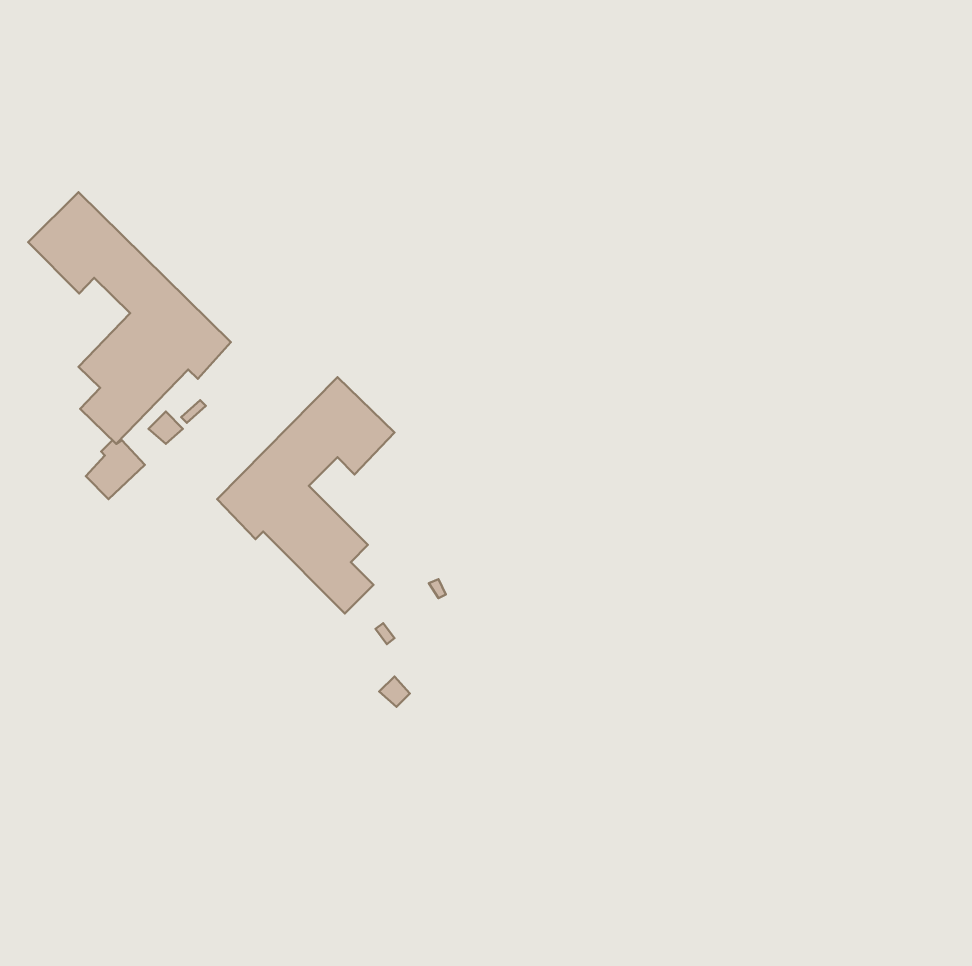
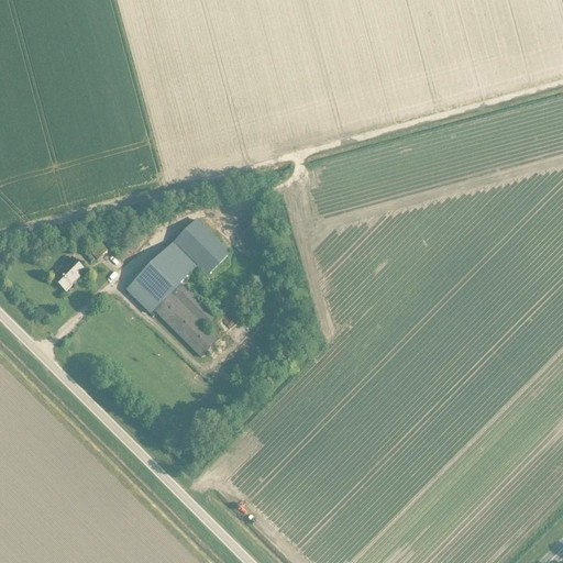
building: [28,192,231,444] -> none

